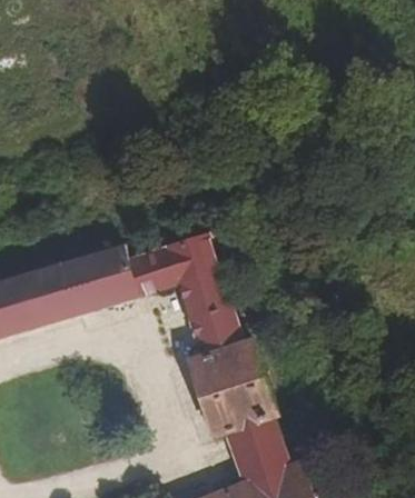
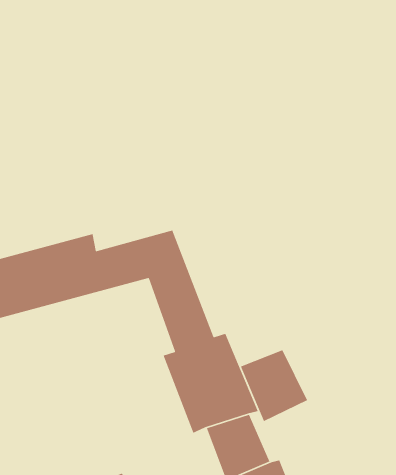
building: none -> [240,349,308,422]

